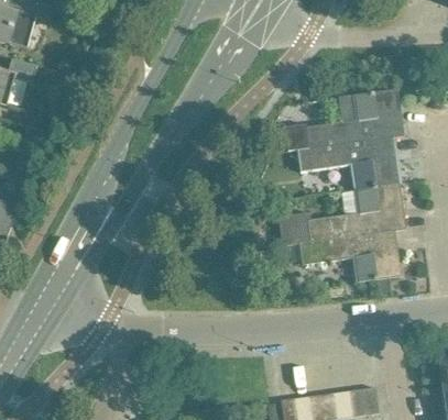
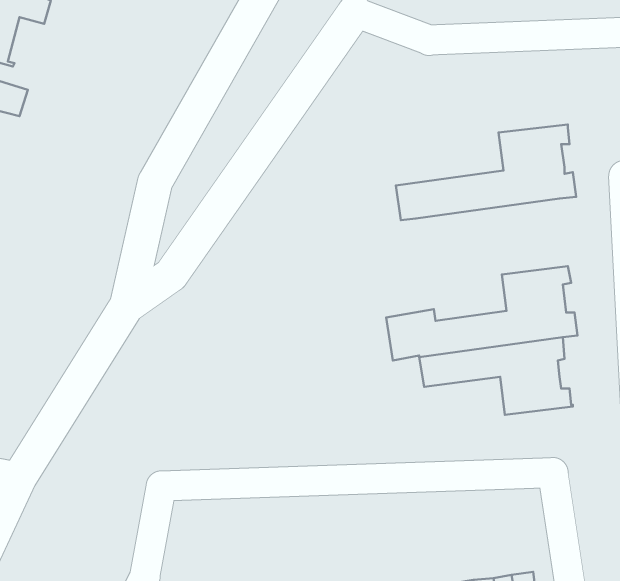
building: [296,136,397,187] -> none

